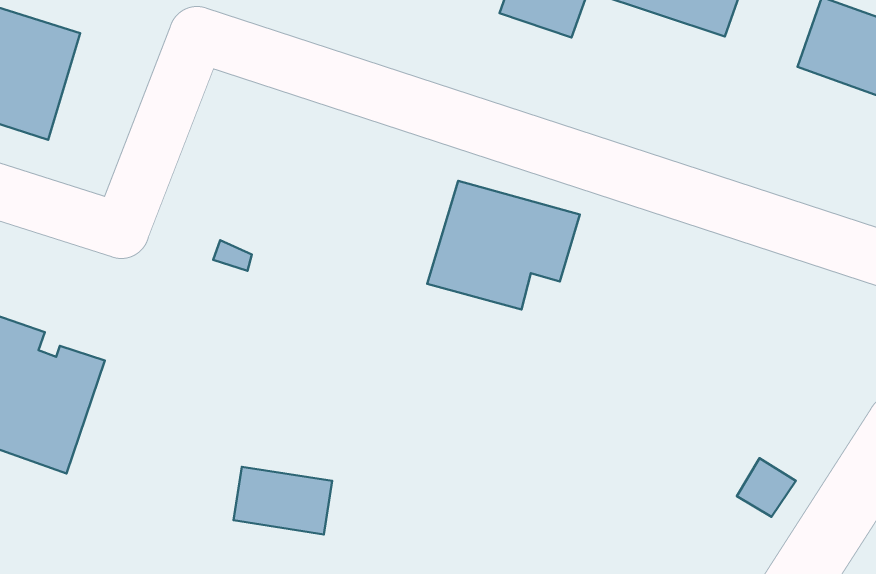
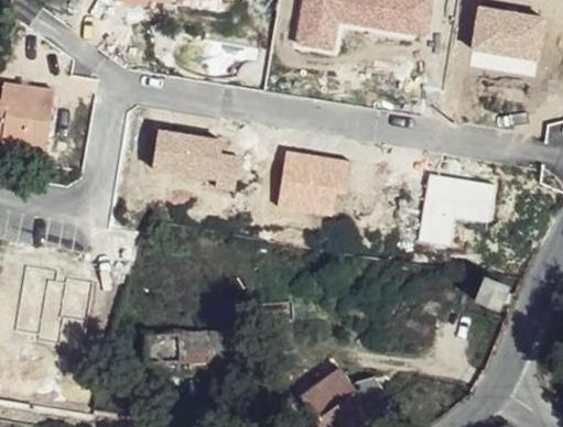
building: none -> [151,127,239,191]
building: none -> [414,171,499,249]

